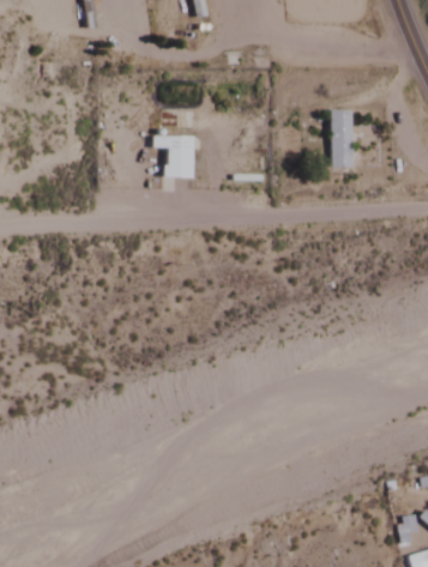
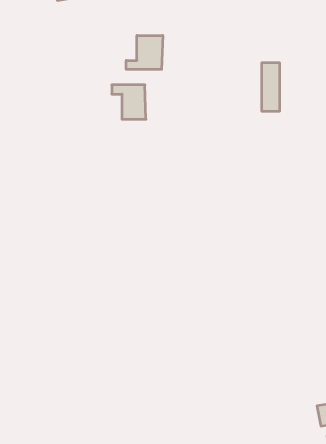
building: none -> [126,35,163,69]

